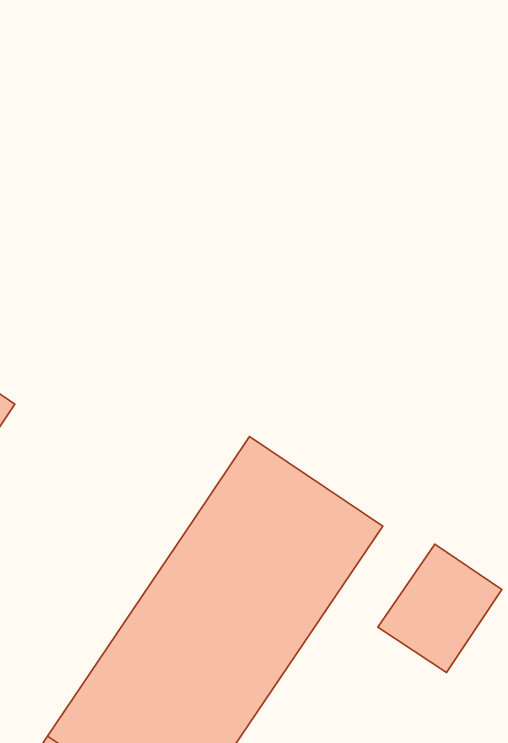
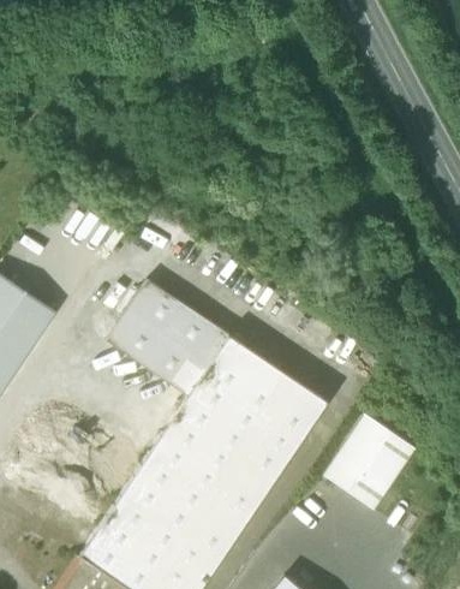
building: none -> [104,280,227,397]

